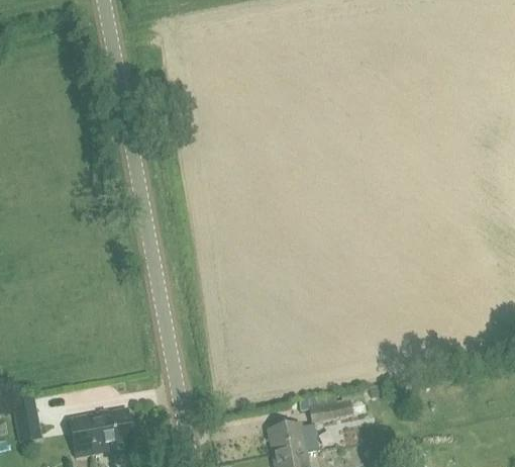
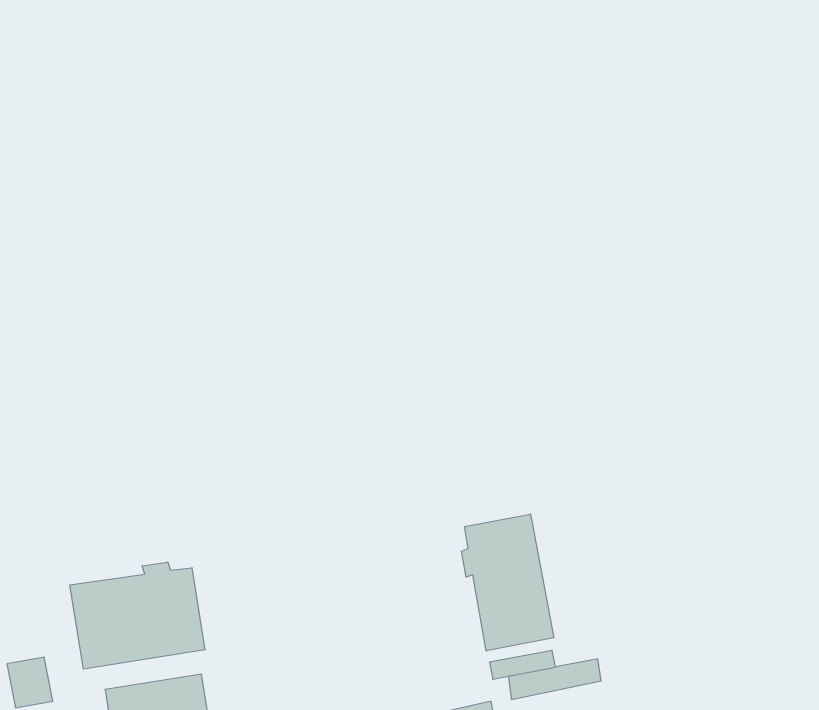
building: none -> [461,514,554,651]
building: none -> [70,562,205,669]

